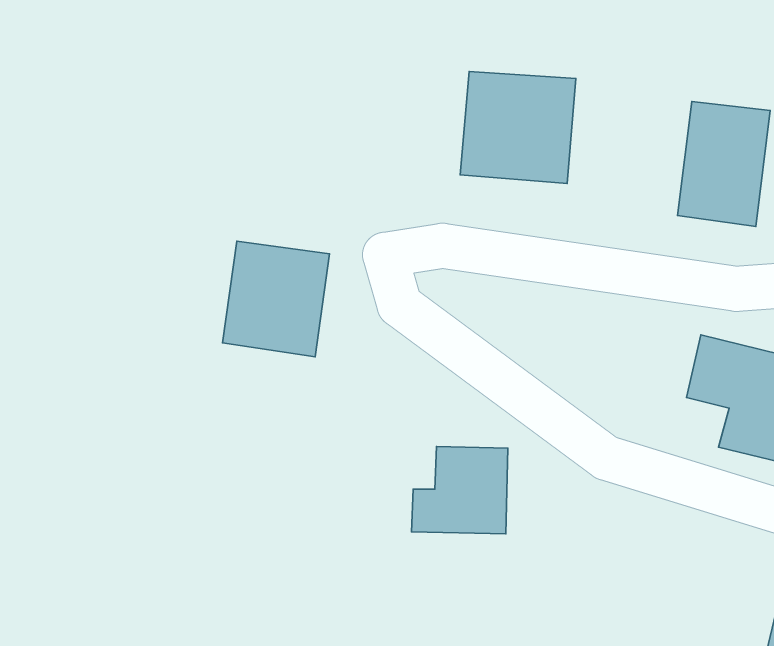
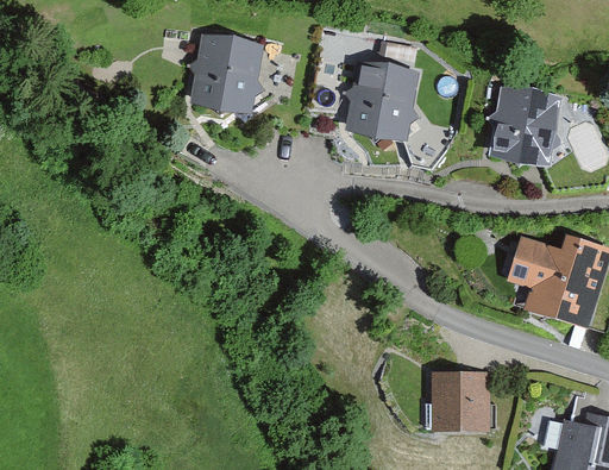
building: [222,241,329,357] -> [189,42,260,119]
building: [412,446,508,534] -> [421,371,485,430]

